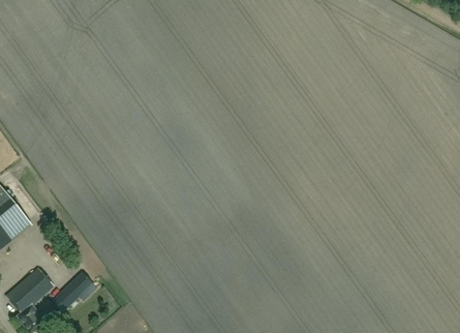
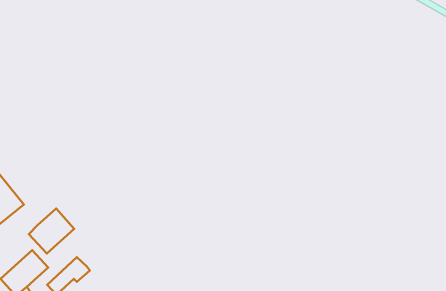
building: none -> [29,208,74,254]

